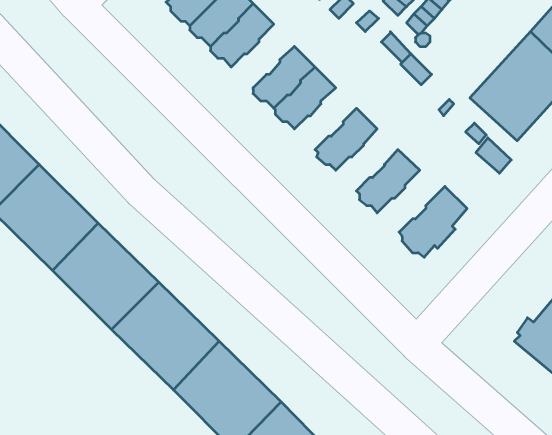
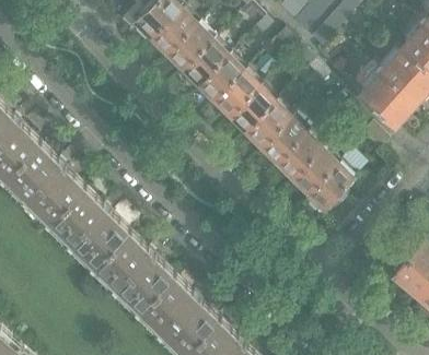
building: none -> [181,39,228,86]
building: none -> [228,86,274,132]
building: none -> [258,117,304,163]
building: none -> [289,147,336,193]

